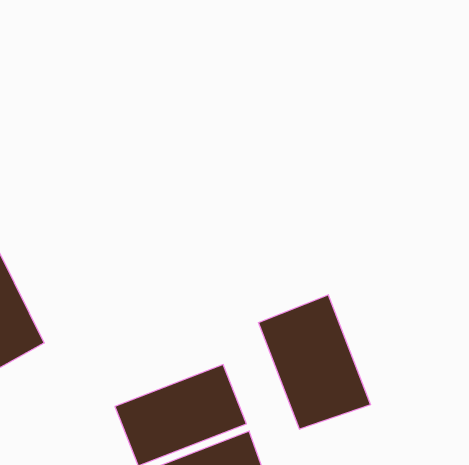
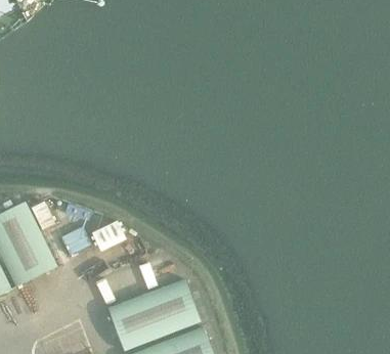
building: [258,295,371,429] -> none

